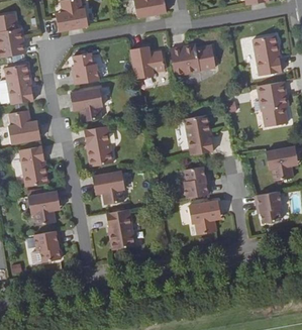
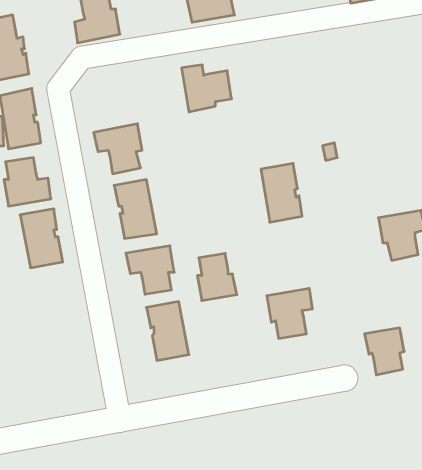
building: [253,34,282,75] -> none
building: [170,44,215,75] -> none
building: [73,52,99,84] -> none
building: [258,81,288,126] -> none
building: [184,166,211,198] -> [197,253,237,301]
building: [28,191,60,225] -> none
building: [255,191,282,223] -> [365,328,404,375]
building: [34,230,61,261] -> none

